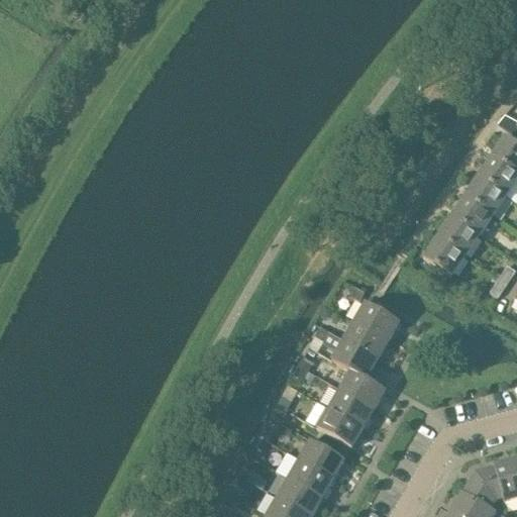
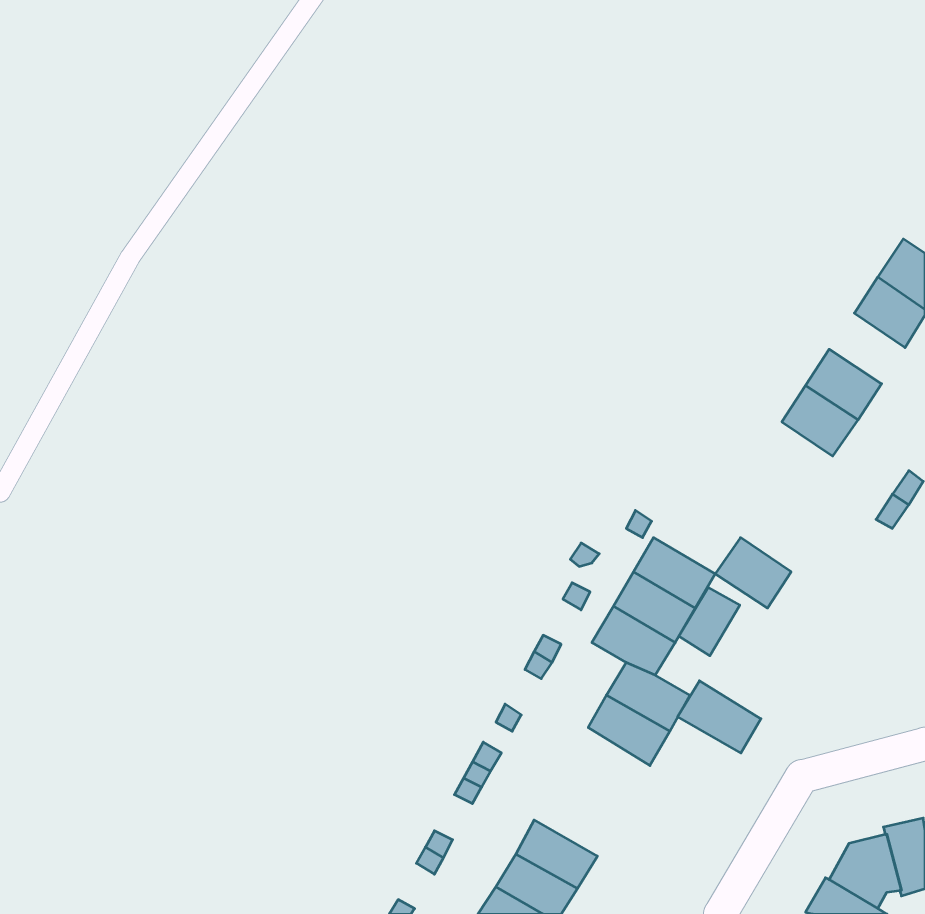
building: [462,175,505,214] -> none
building: [422,235,464,275] -> [715,538,791,608]
building: none -> [679,588,740,656]
building: [316,406,363,446] -> [678,681,761,753]
building: [298,437,344,478] -> none

